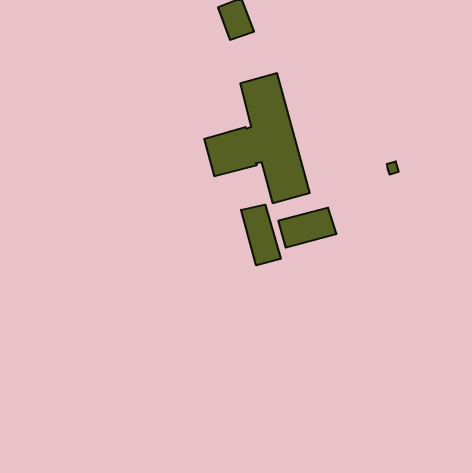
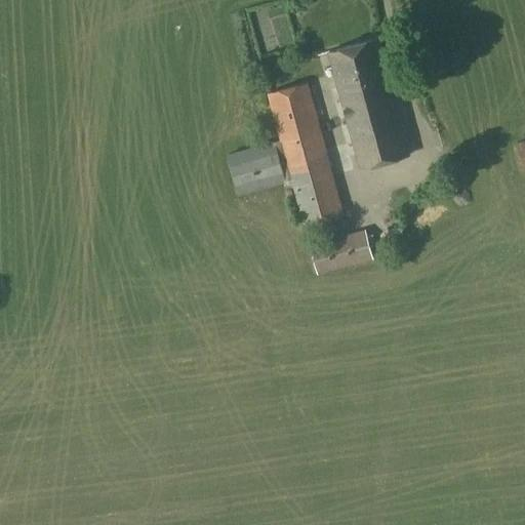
building: none -> [328,39,406,169]
building: [241,205,281,265] -> none

